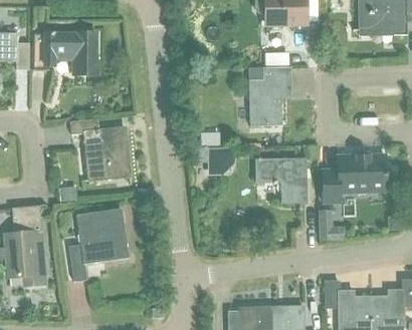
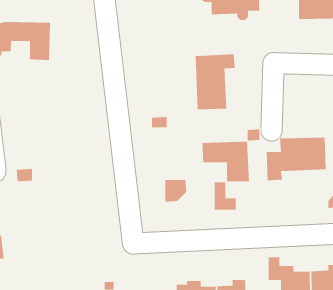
building: [68,117,129,178] -> none
building: [210,148,234,173] -> [165,179,187,202]
building: [67,208,128,280] -> none
building: [320,210,344,240] -> [214,182,237,210]

